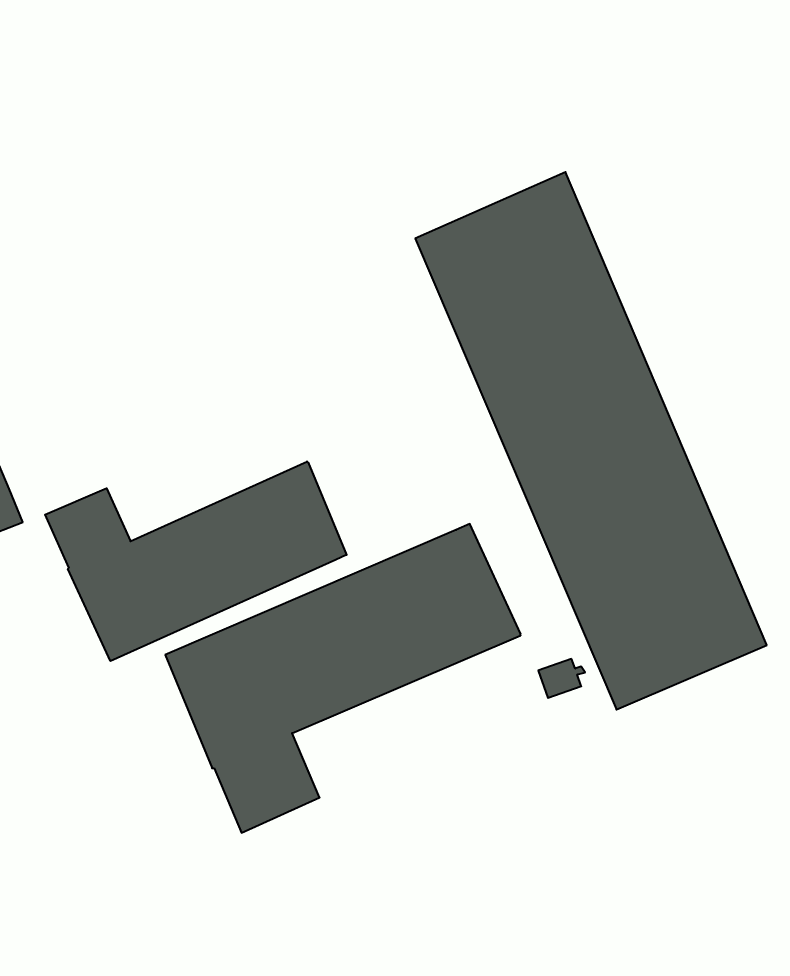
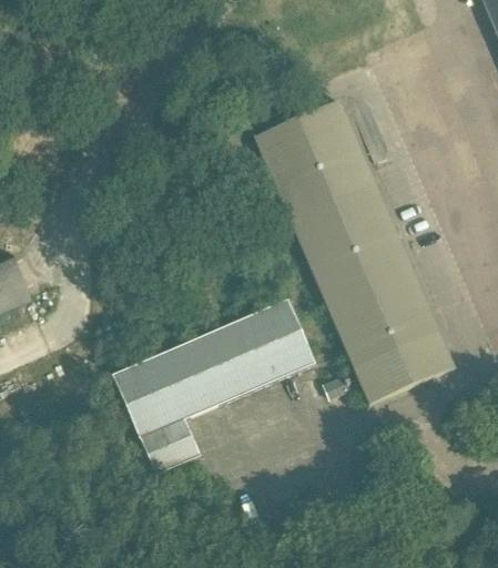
building: [45,461,347,661] -> none

